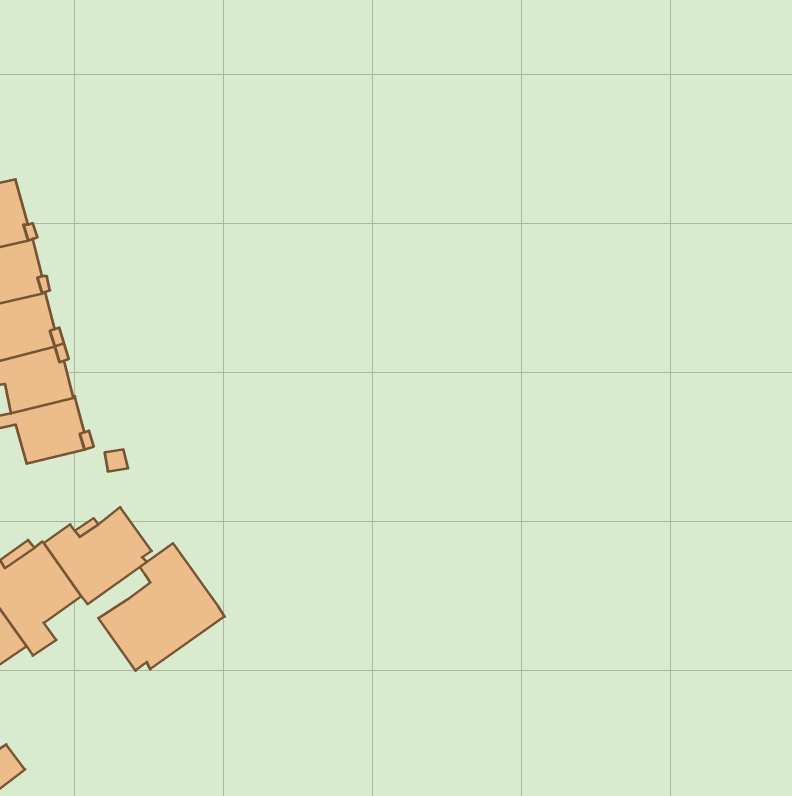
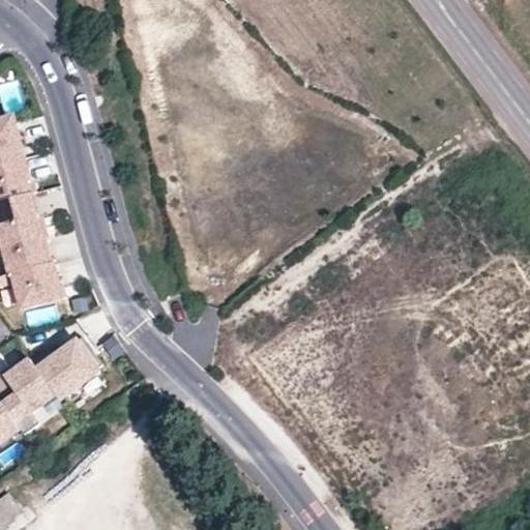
building: [98,543,225,671] -> none

